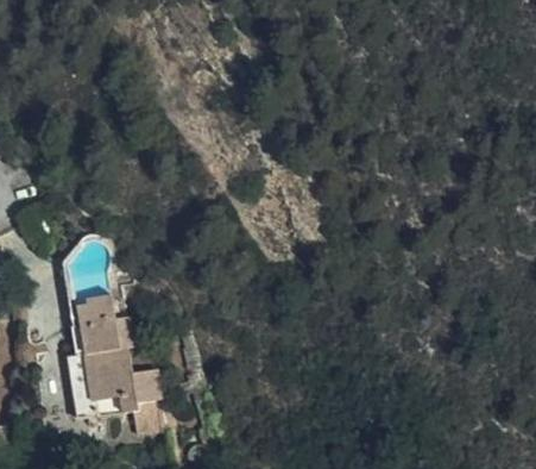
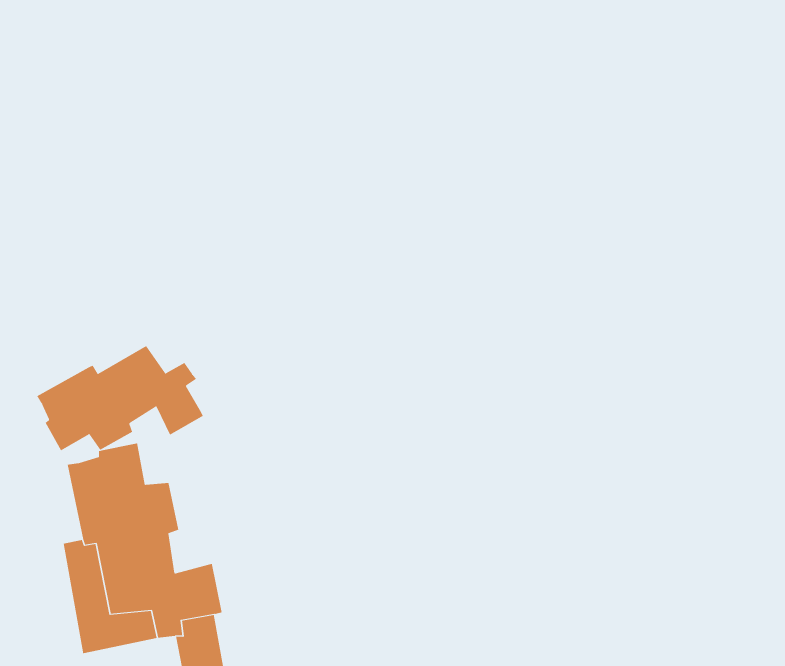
building: none -> [37,345,204,451]

